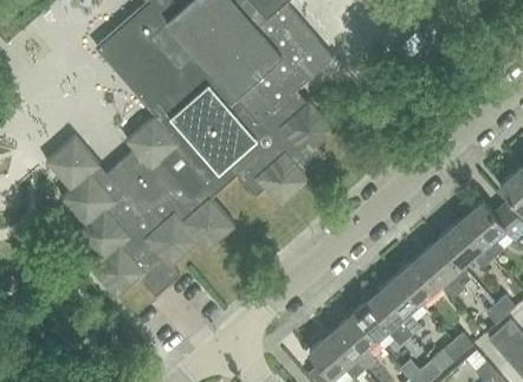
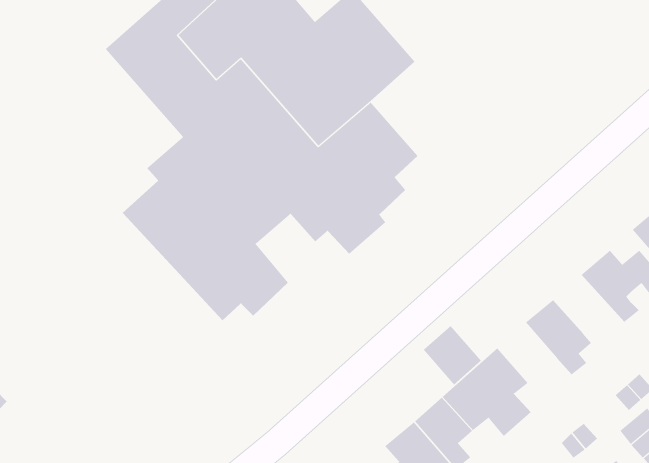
building: [47,136,185,300] -> none
building: [438,220,492,266] -> none
building: [395,257,440,303] -> [423,325,482,385]

